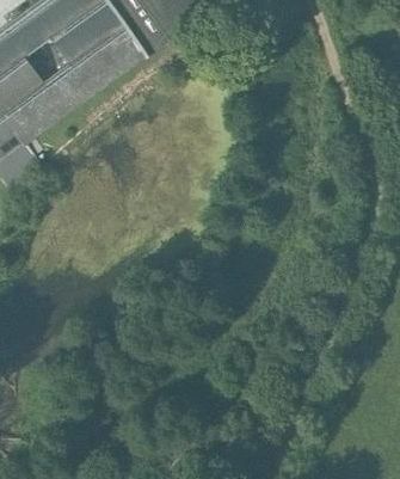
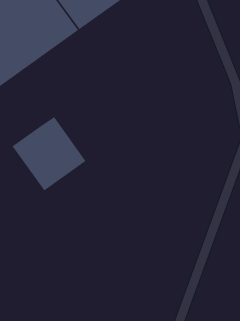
building: none -> [11,116,86,191]

